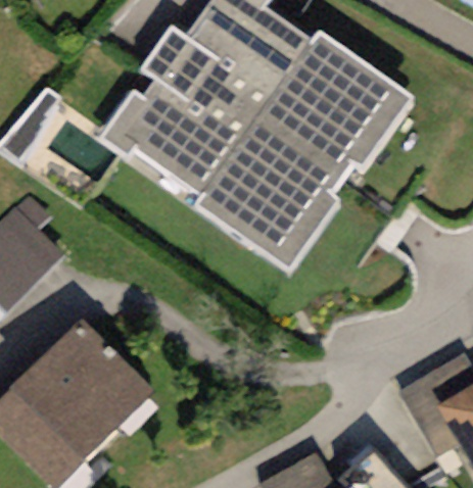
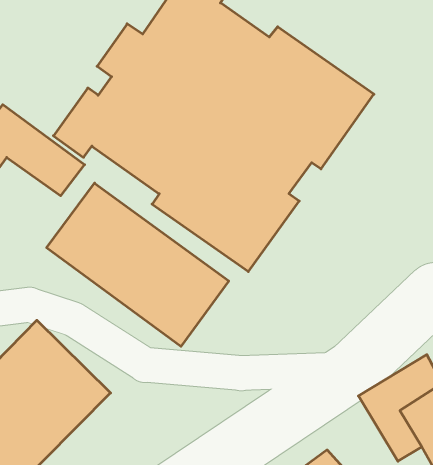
building: none -> [47,183,229,346]

